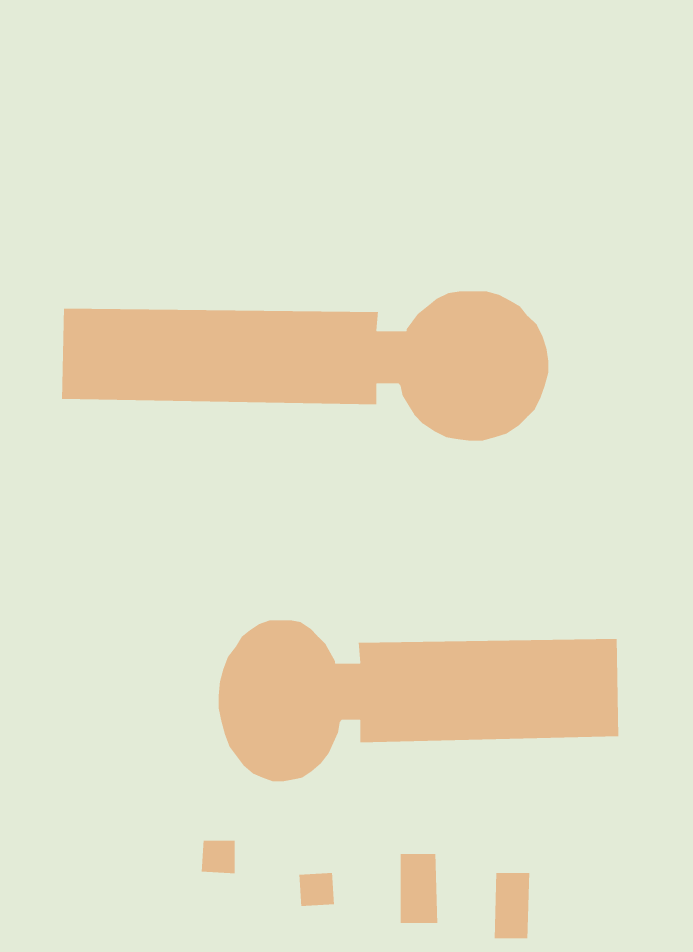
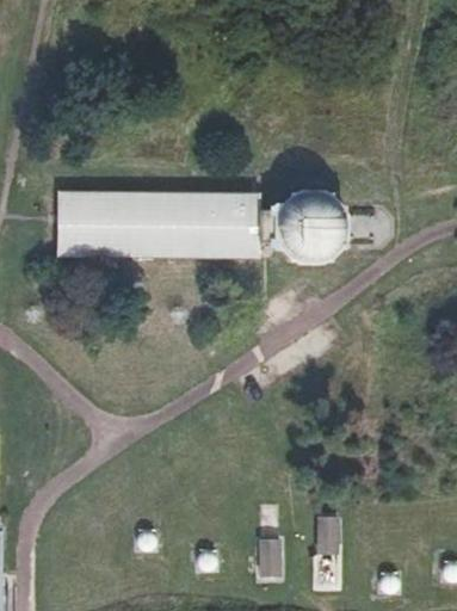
building: [218,620,619,782] -> none

